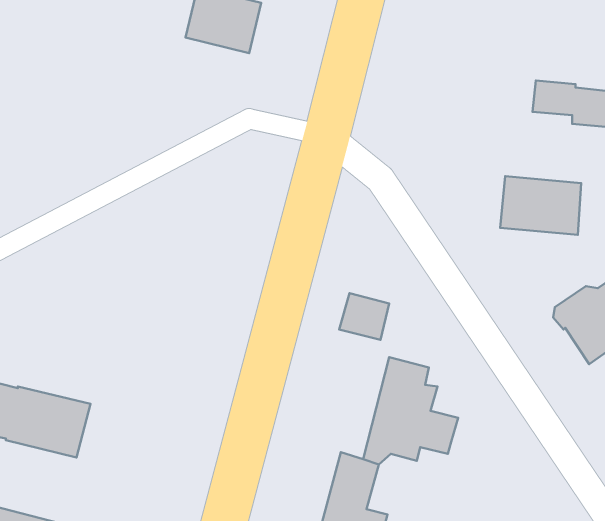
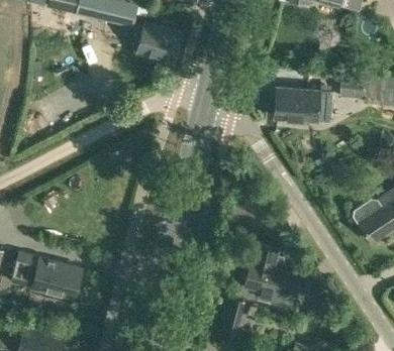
building: [500,176,581,235] -> [273,88,320,122]

